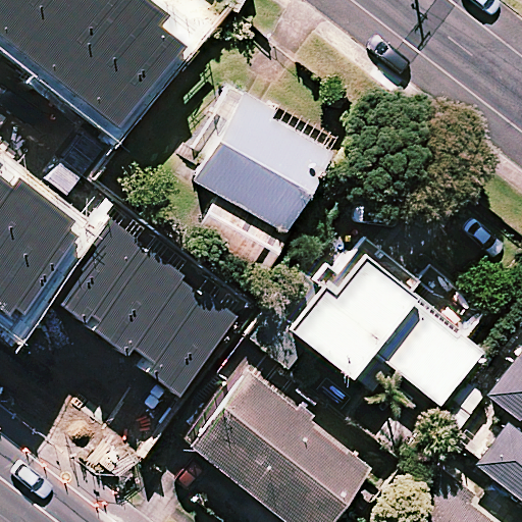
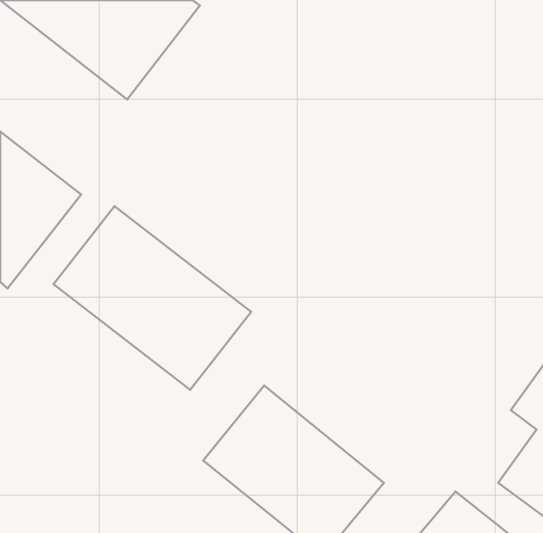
building: [189,100,330,260] -> none
building: [292,242,482,409] -> none

